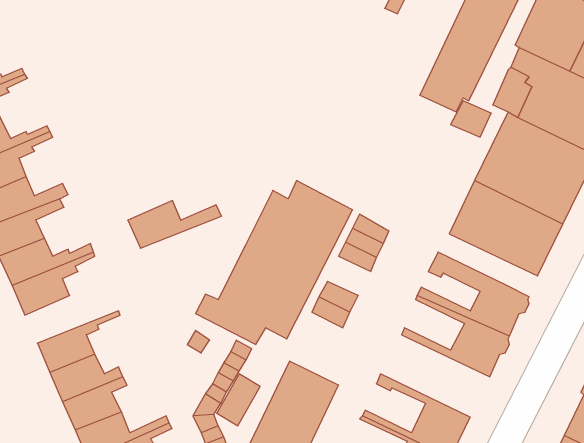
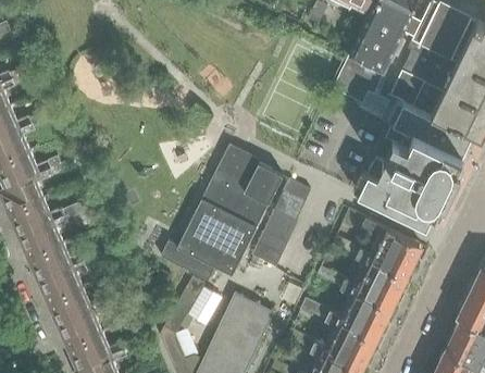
building: [128,201,222,248] -> [28,244,101,281]
building: none -> [263,213,297,244]
building: none -> [304,274,389,338]

